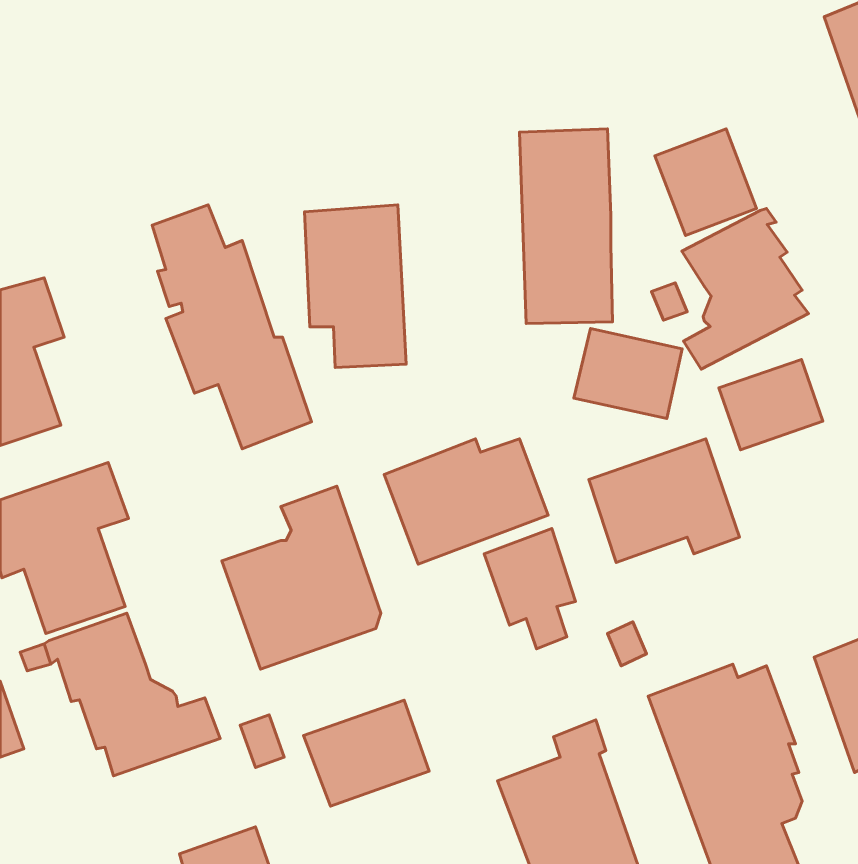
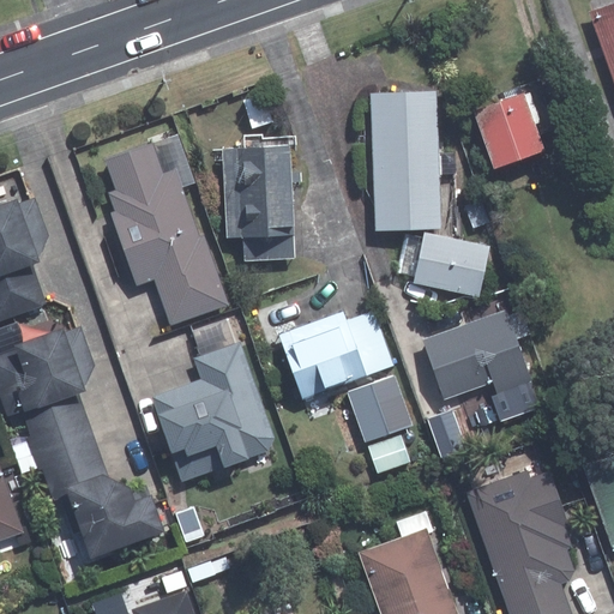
building: [682,209,809,369] -> none
building: [719,359,823,450] -> none
building: [304,700,429,806] -> none

